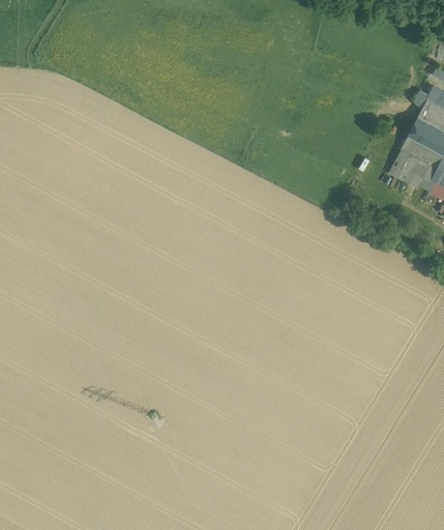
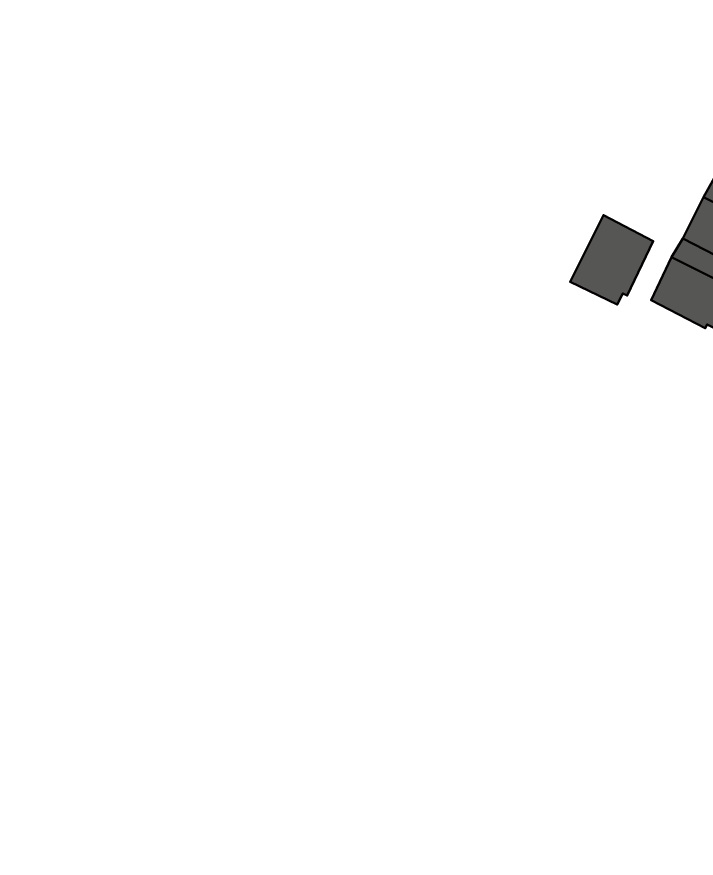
building: none -> [570,215,653,305]

